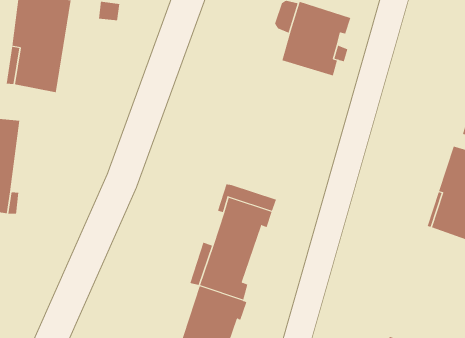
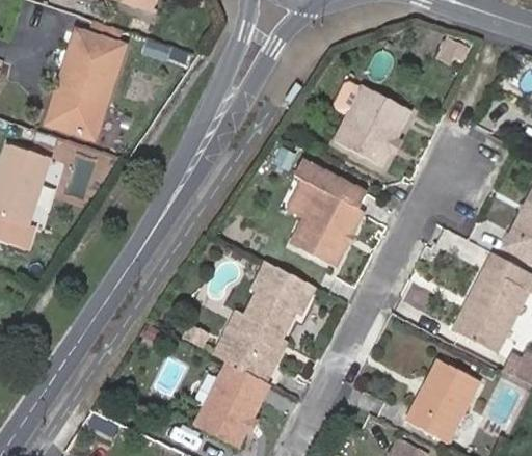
building: none -> [291,161,368,268]
building: none -> [405,360,478,444]

